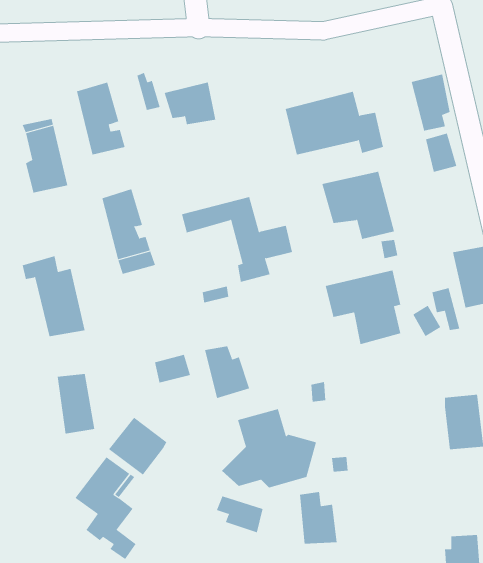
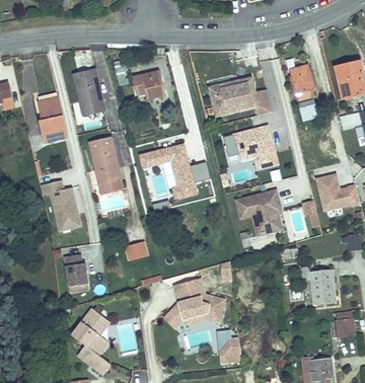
building: [204,345,250,399] -> none
building: [108,417,167,476] -> none
building: [216,495,263,533] -> none

